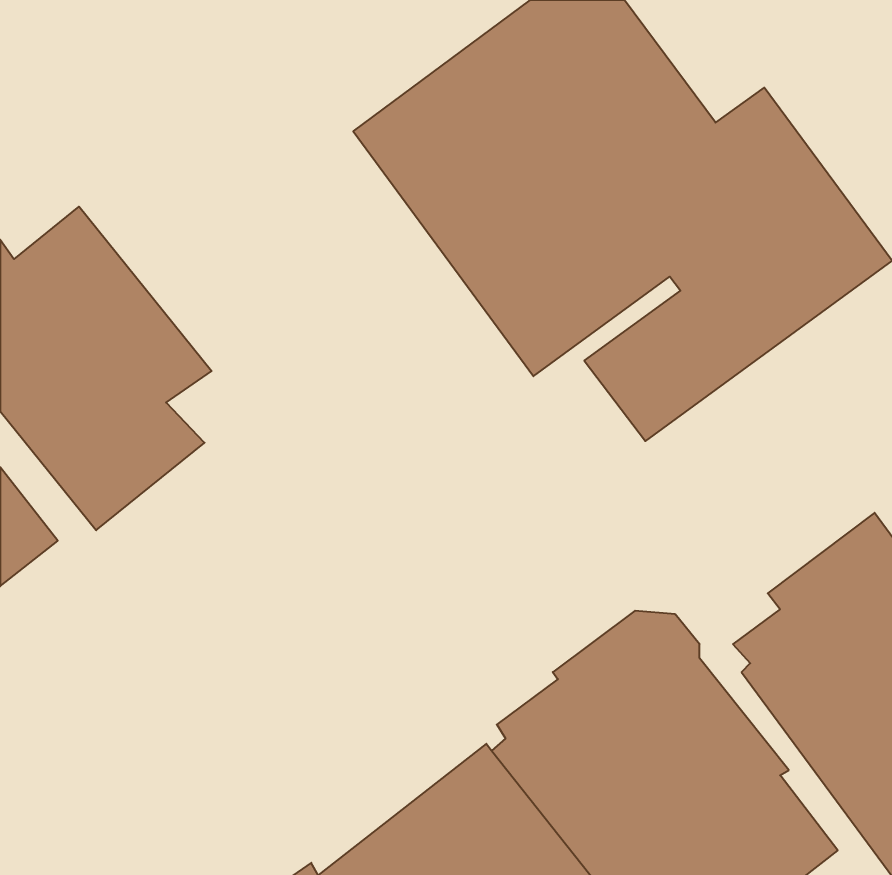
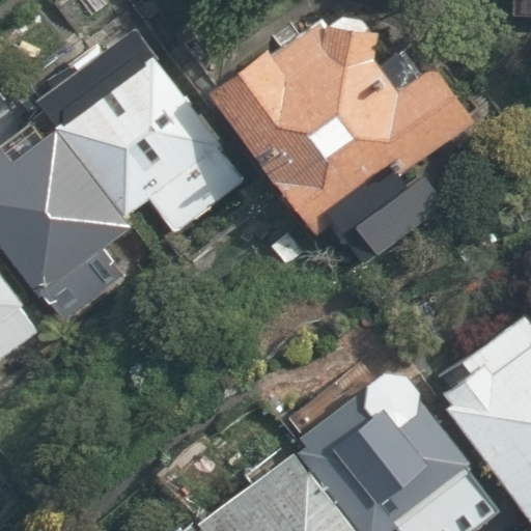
building: none -> [35,35,244,236]

